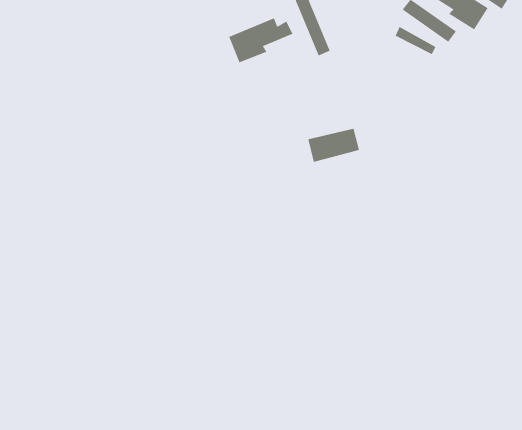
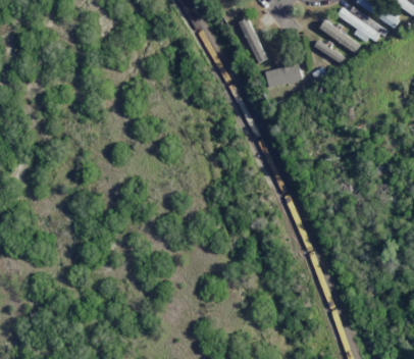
building: [228,17,293,63] -> none
building: [308,128,360,162] -> [264,62,303,88]

